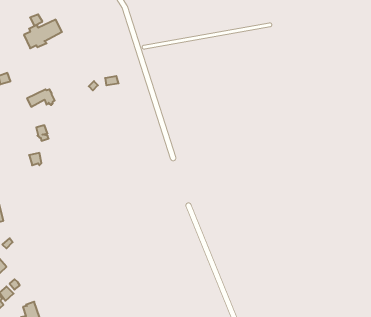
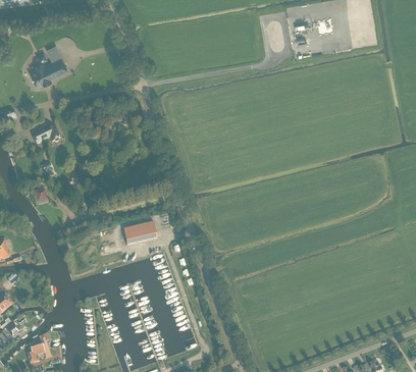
building: none -> [122,220,156,243]

